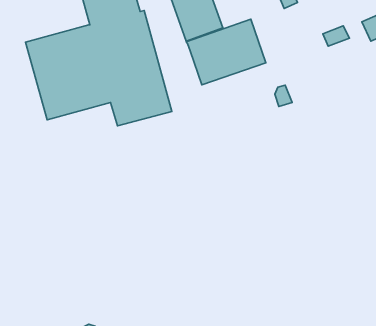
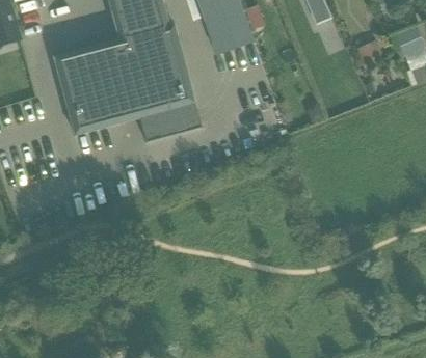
building: [186,19,266,85] -> none

